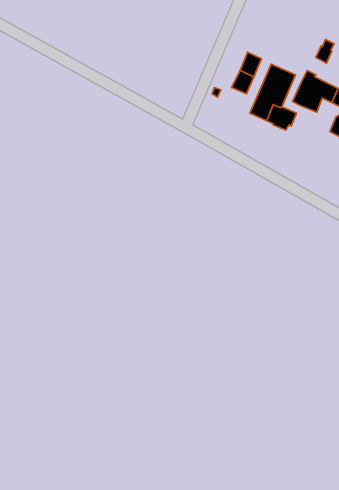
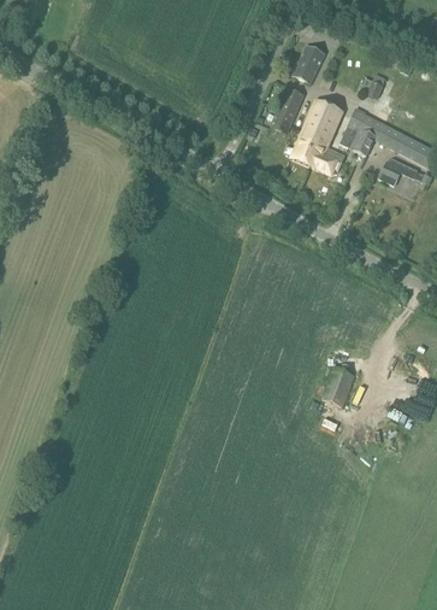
building: none -> [294,45,325,83]
building: none -> [323,366,355,406]

